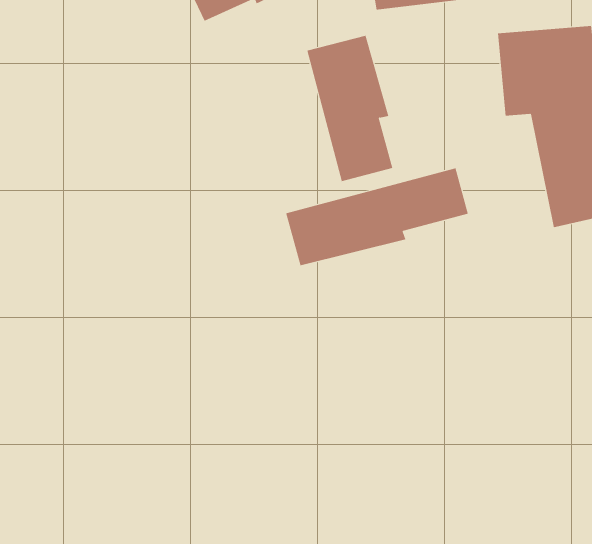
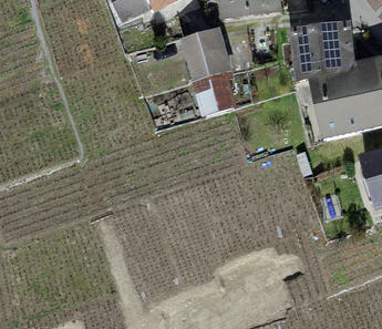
building: [285,168,469,266] -> none

